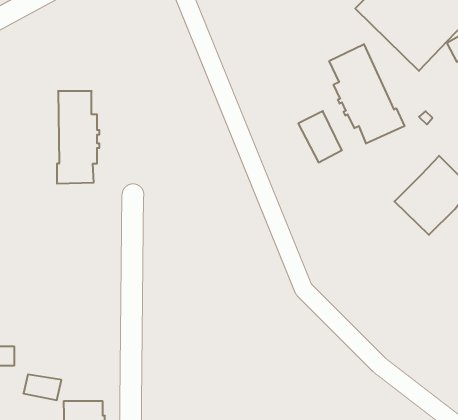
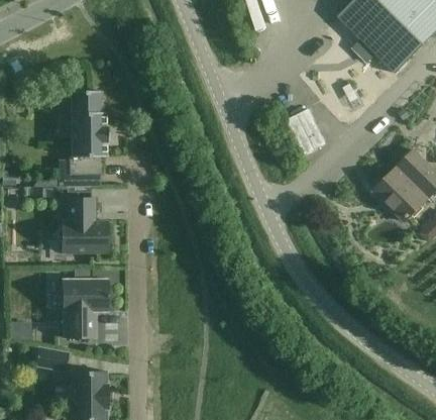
building: [329,44,405,144] -> none
building: none -> [61,198,106,253]
building: none -> [62,280,107,338]

